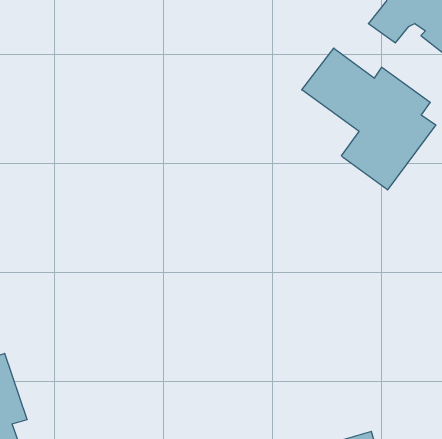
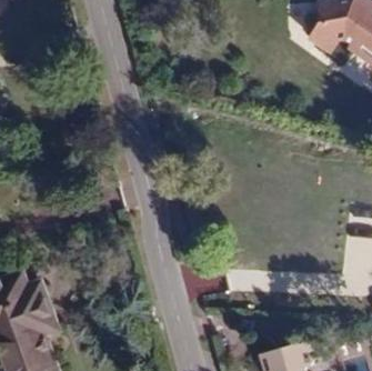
building: [302,48,436,190] -> none

